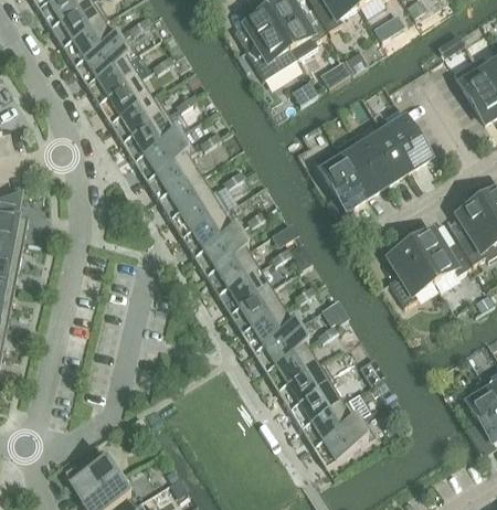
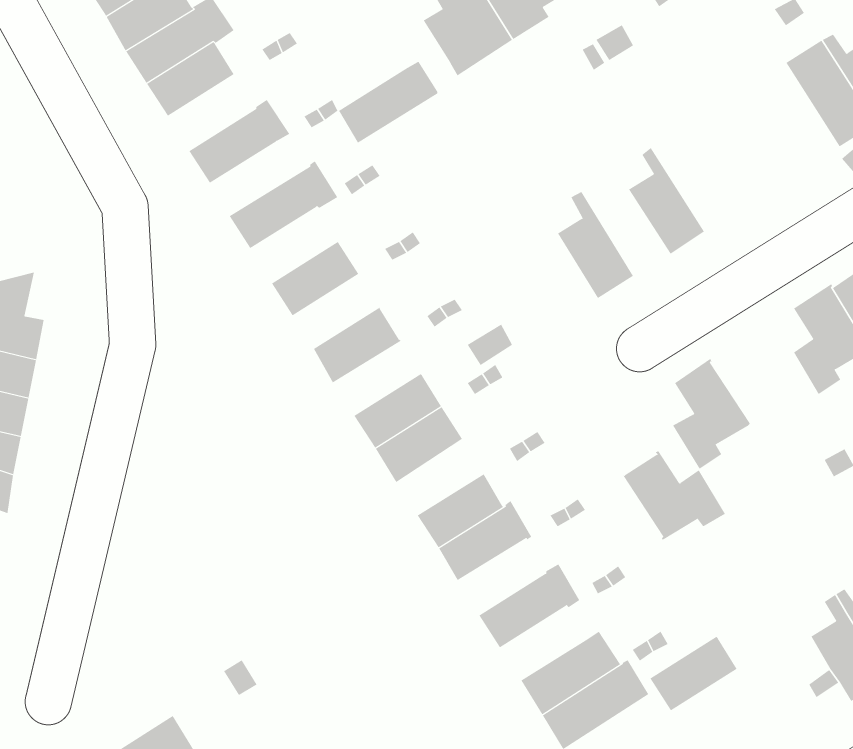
building: [98,77,149,121] -> none
building: [123,111,180,159] -> [338,61,438,143]
building: [377,115,429,168] -> none
building: [337,131,388,193] -> none
building: [146,153,197,198] -> none
building: [170,187,229,235] -> none
building: [193,227,248,274] -> none
building: [411,229,470,280] -> [622,450,726,541]
building: [230,287,281,331] -> none
building: [265,344,316,389] -> none
building: [289,383,340,426] -> [649,636,738,711]

